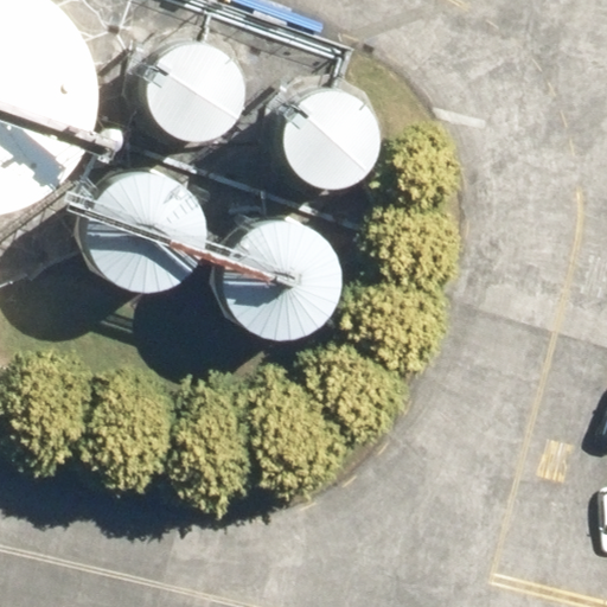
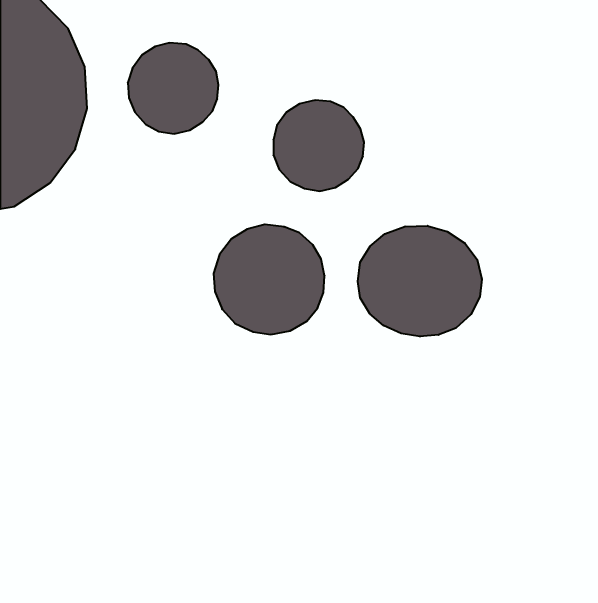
building: [87,177,197,287] -> none
building: none -> [358,226,482,337]

